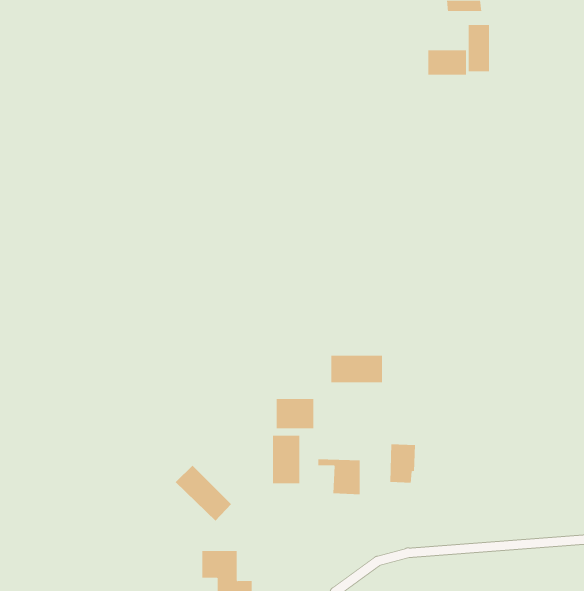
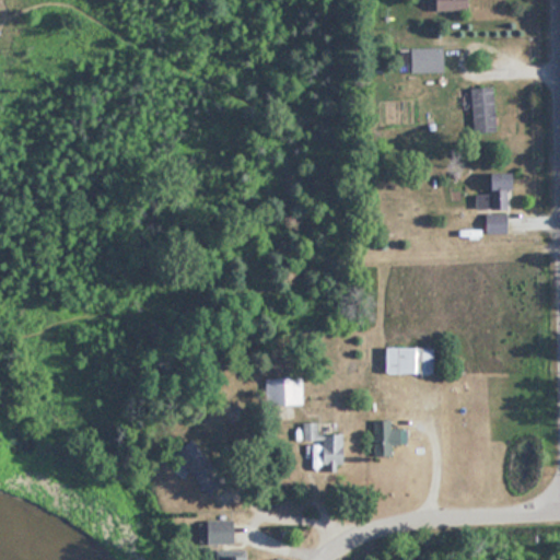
building: [468,24,490,72] -> [475,88,495,132]
building: none -> [477,174,509,233]
building: [331,355,383,383] -> [385,348,434,374]
building: [272,435,300,484] -> none

